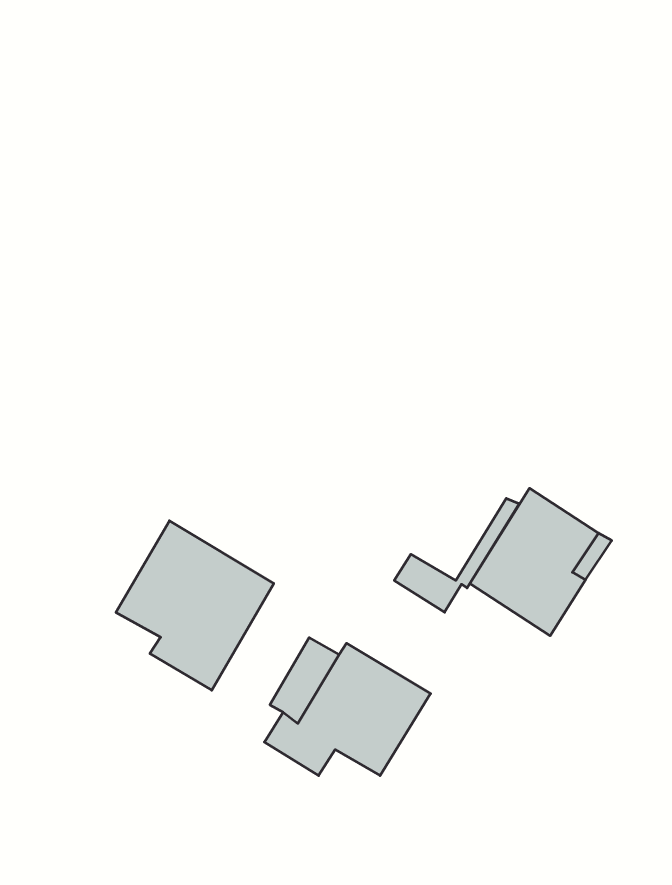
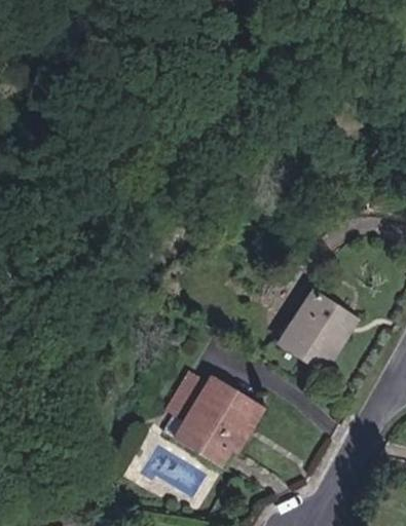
building: [394,498,519,612] -> [196,403,265,465]
building: [116,521,274,690] -> none

